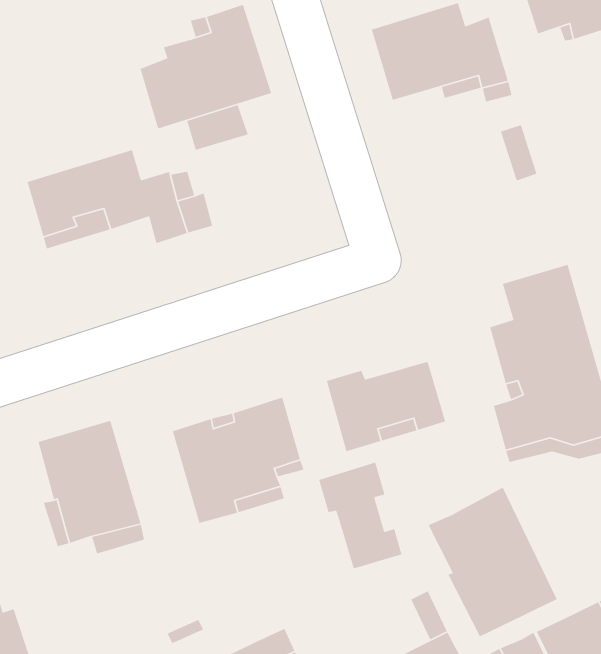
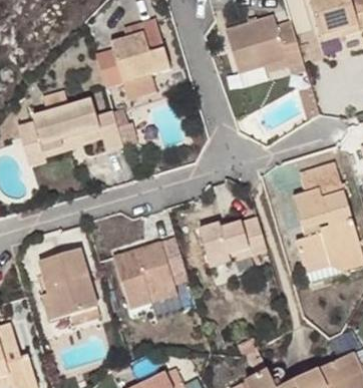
building: [318,461,402,570] -> none
building: [428,487,558,637] -> none

